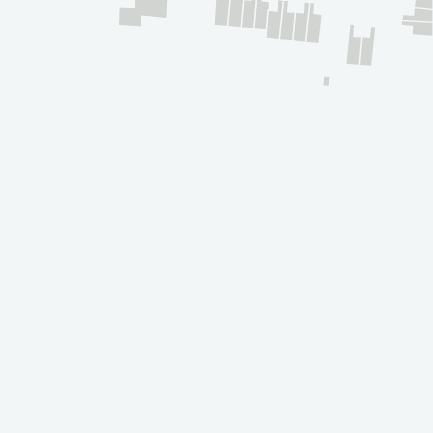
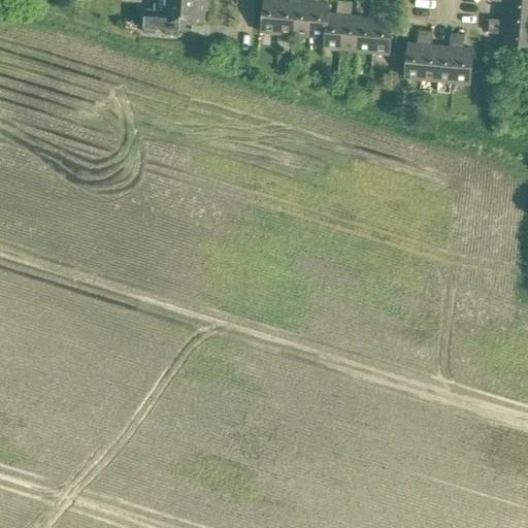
building: none -> [403,29,425,78]
building: none -> [452,32,472,82]

